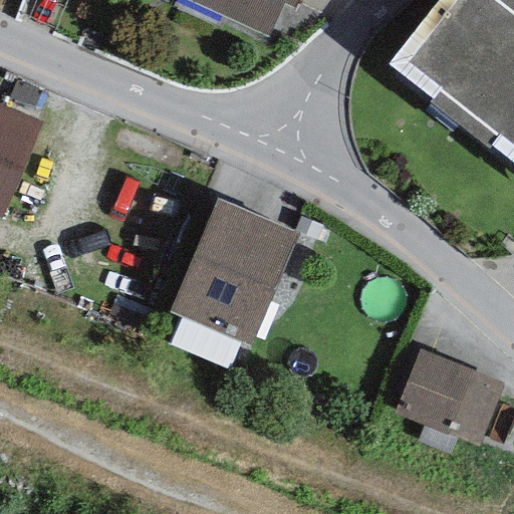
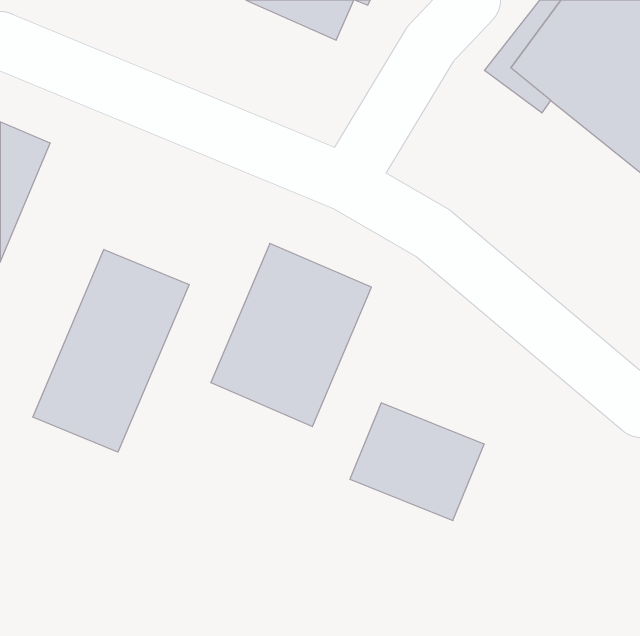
building: none -> [33,249,189,452]
building: [397,351,504,446] -> [350,403,484,521]

